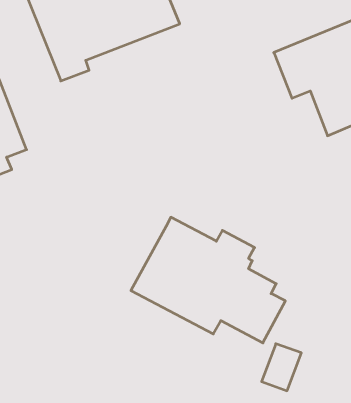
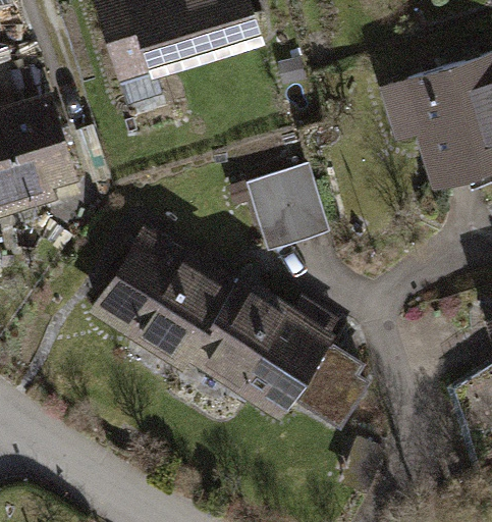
building: none -> [245,160,333,252]
building: none -> [88,224,235,368]

